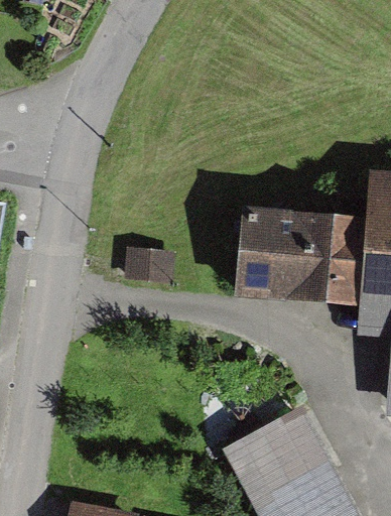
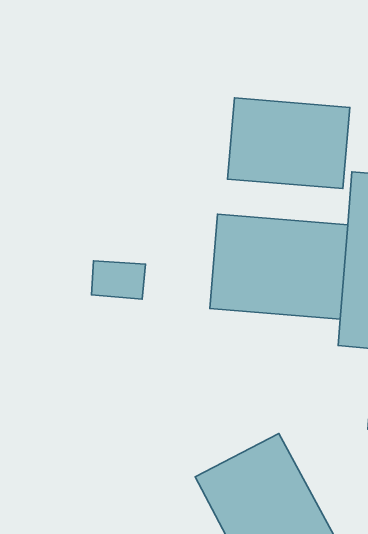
building: none -> [228,98,350,189]

